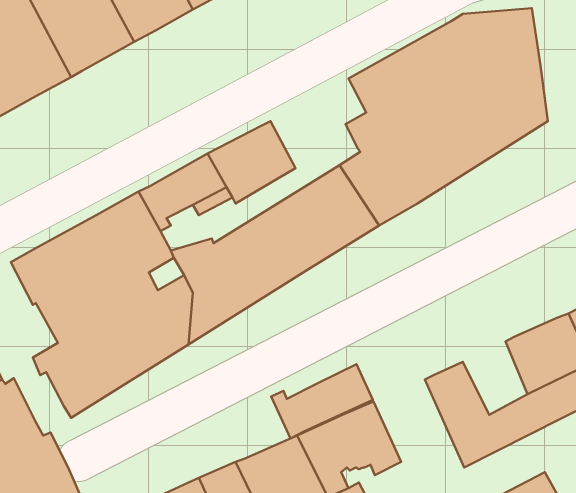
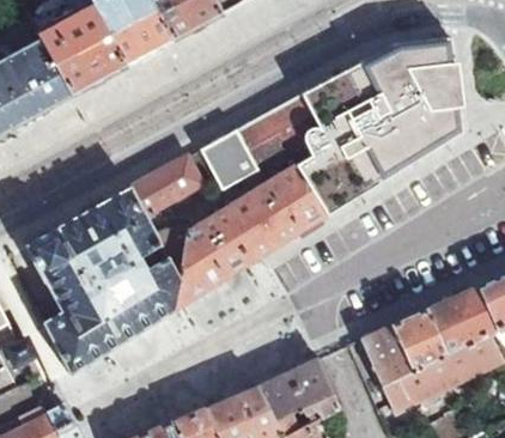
building: none -> [236,96,314,169]
building: none -> [393,310,445,370]
building: [271,364,373,438] -> none

